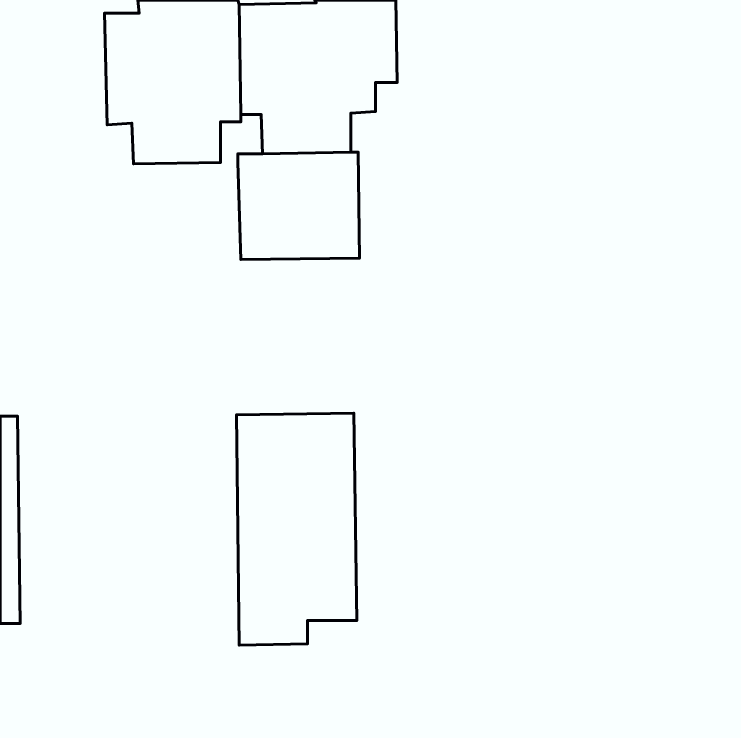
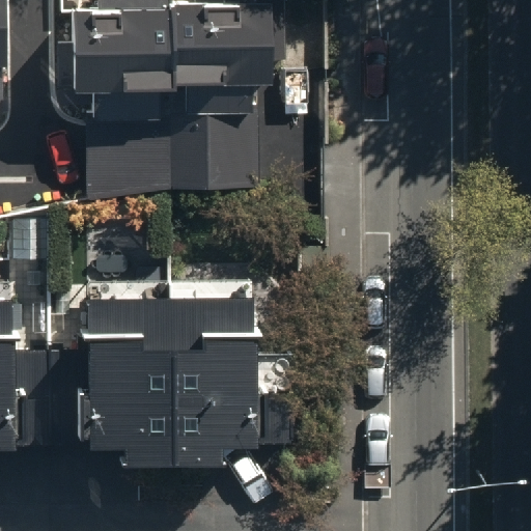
building: none -> [88,118,172,199]
building: none -> [88,299,171,464]

